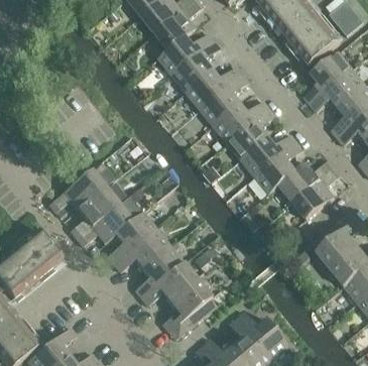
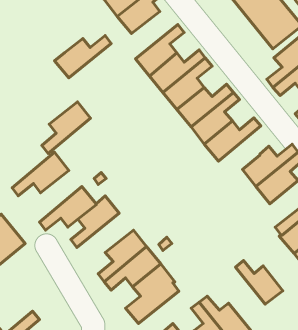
building: [157,33,214,76] -> [55,35,111,78]
building: [254,142,302,195] -> none
building: [70,187,118,238] -> [42,102,91,154]
building: [113,229,169,271] -> none
building: none -> [236,261,283,304]

